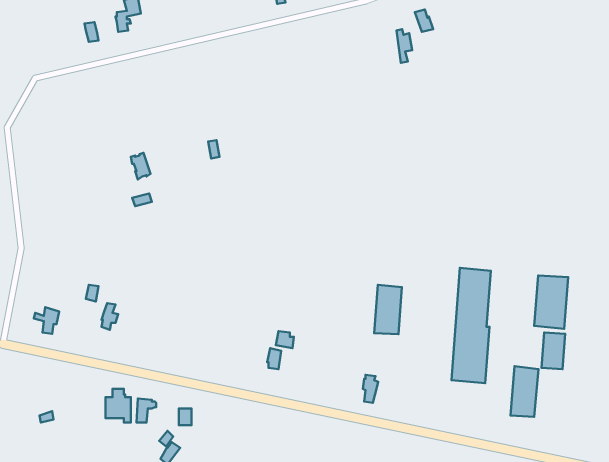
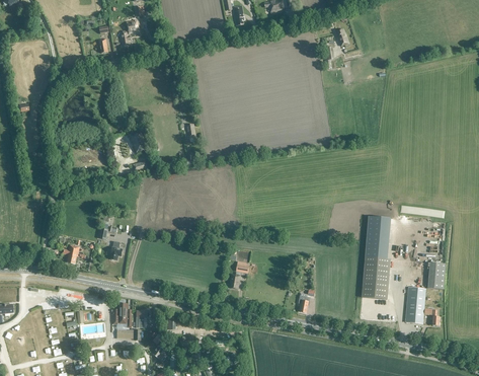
building: [534,275,568,329] -> none
building: [374,285,402,334] -> none

